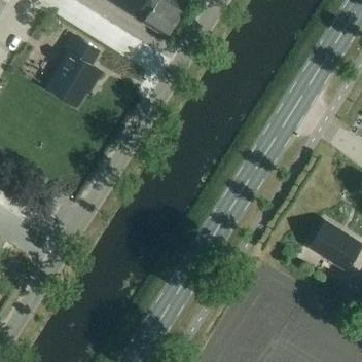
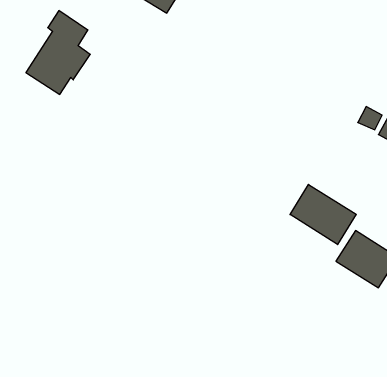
building: none -> [290,184,356,245]

